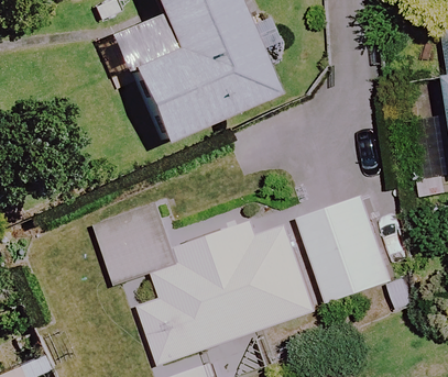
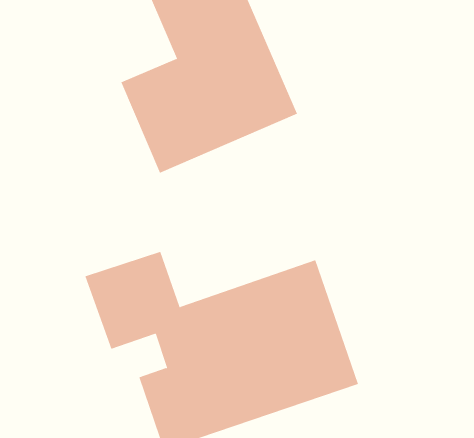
building: [310,192,402,299] -> none

